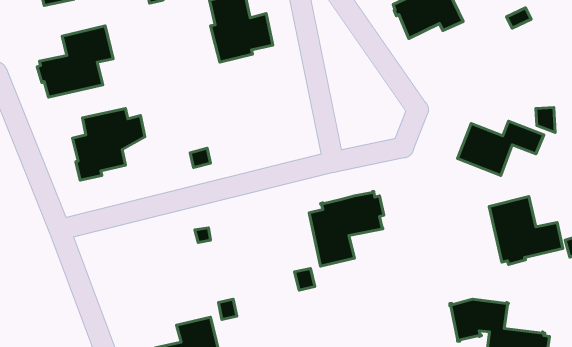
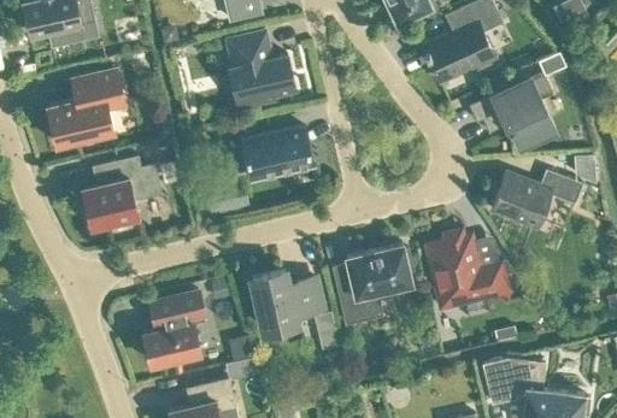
building: none -> [469,72,554,148]
building: none -> [242,128,313,181]
building: [489,196,563,264] -> [428,237,506,310]
building: none -> [252,272,323,331]
building: none -> [143,293,206,365]

